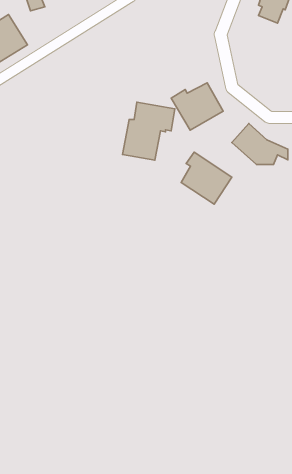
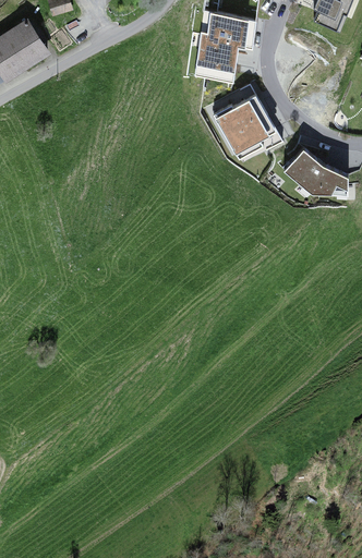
building: [123,102,175,160] -> [195,14,255,81]
building: [181,152,232,204] -> none

